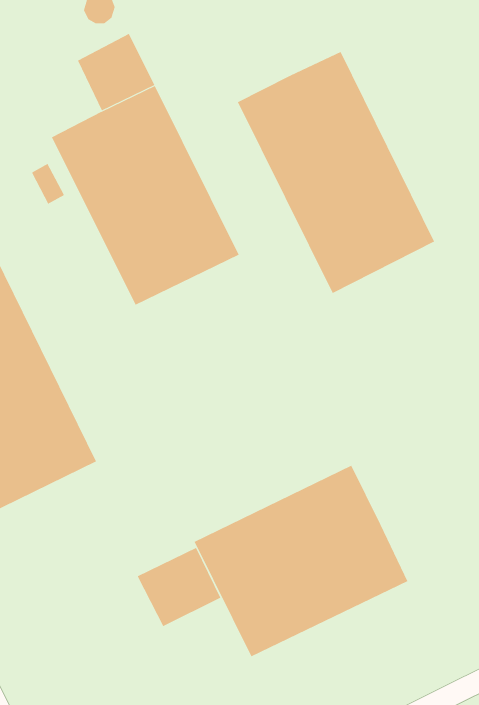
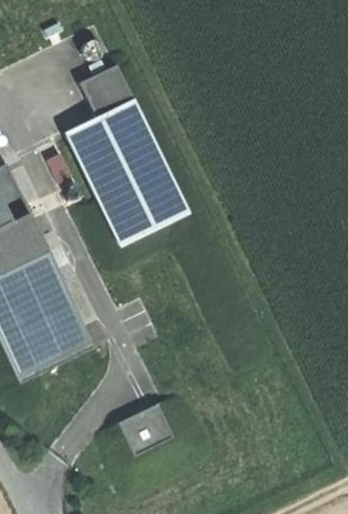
building: [237,51,435,294] -> none
building: [194,465,408,657] -> none

